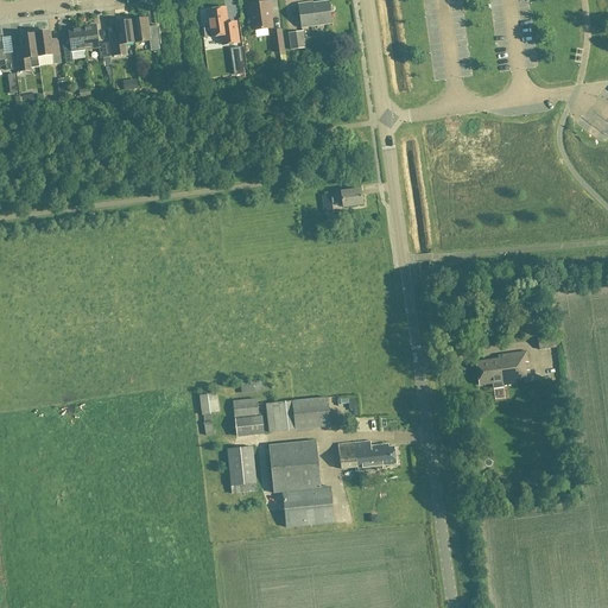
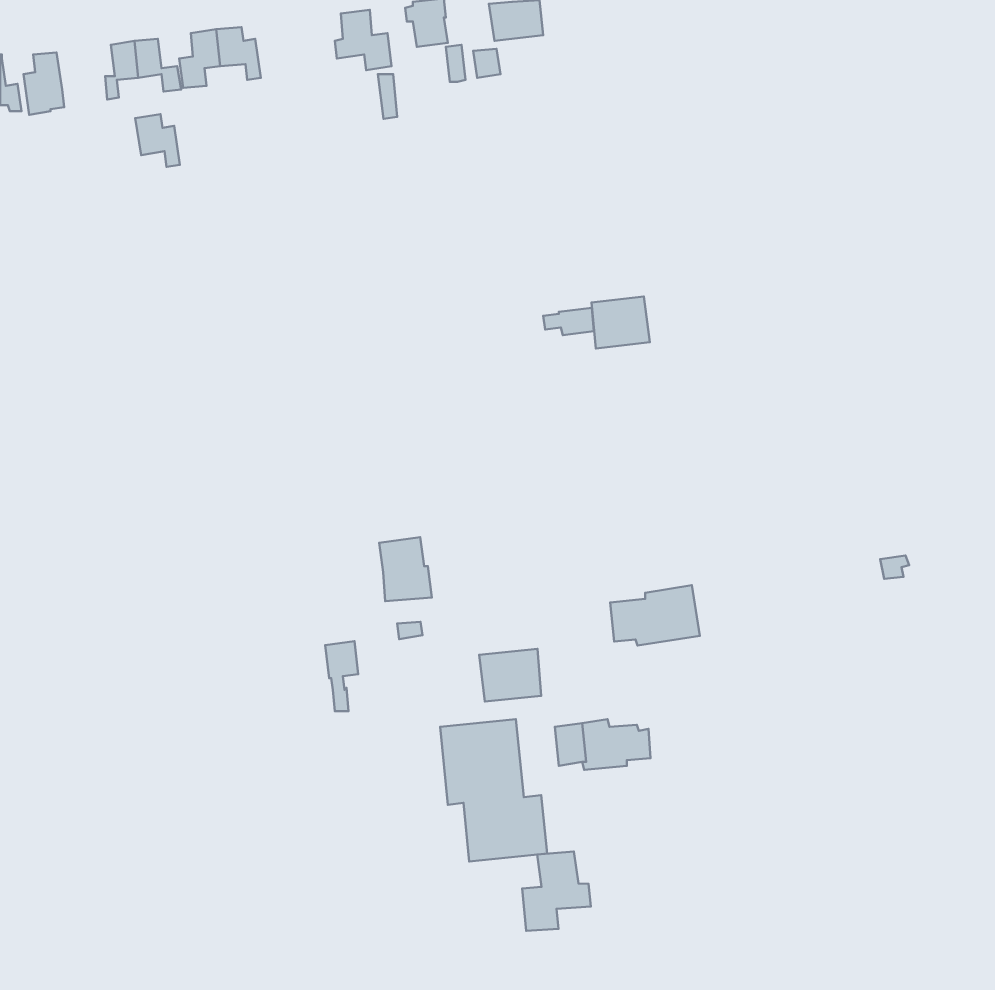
building: [34,30,62,62] -> [135,114,180,167]
building: none -> [591,296,650,349]
building: [476,349,531,386] -> [610,585,700,646]
building: [232,395,264,435] -> [379,537,432,601]
building: [266,400,294,430] -> none
building: [226,444,255,483] -> none
building: none -> [522,851,591,931]

